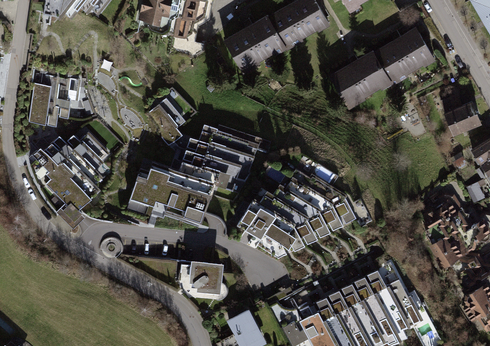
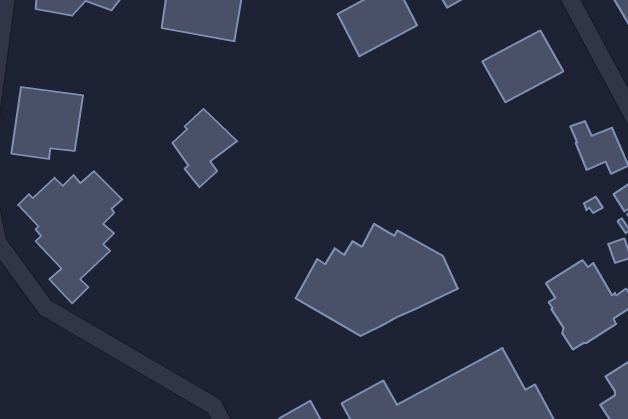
building: [225,18,284,72] -> none
building: [332,53,392,107] -> none
building: [130,127,258,224] -> none
building: [176,261,220,291] -> none

